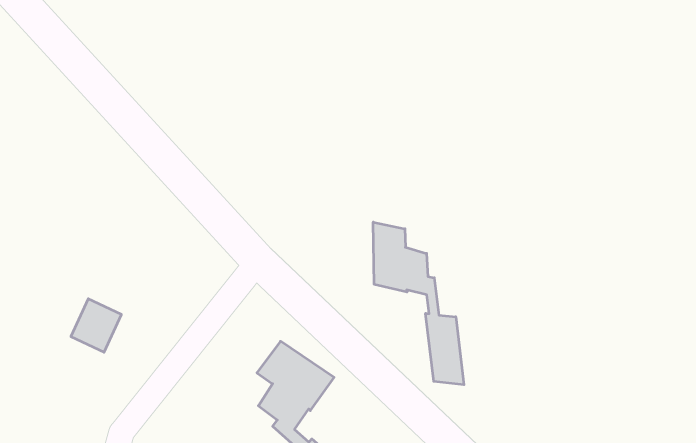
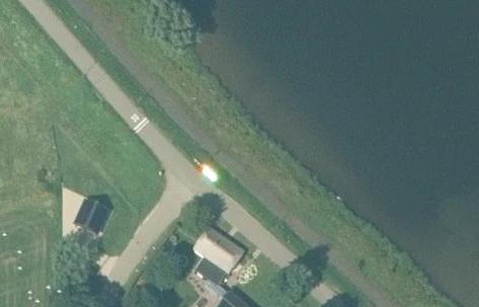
building: [373,222,464,385] -> none

